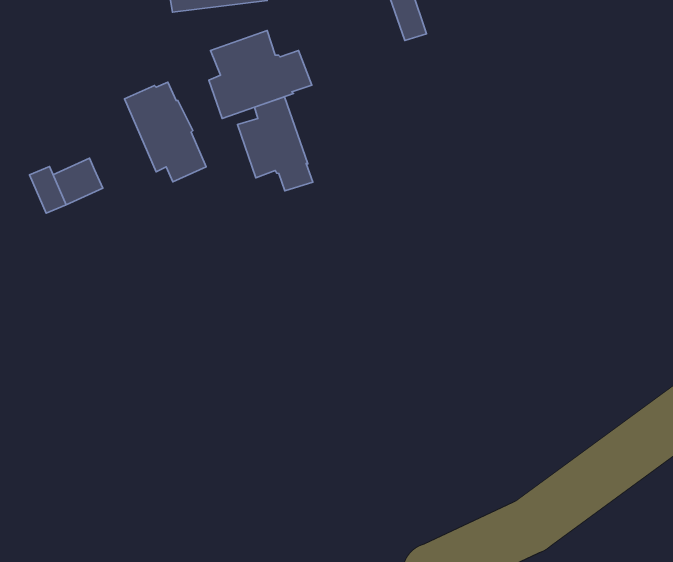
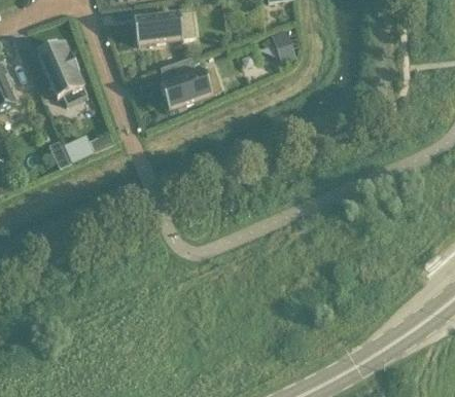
building: [125,82,206,182] -> [36,42,86,104]
building: [237,97,313,191] -> none

